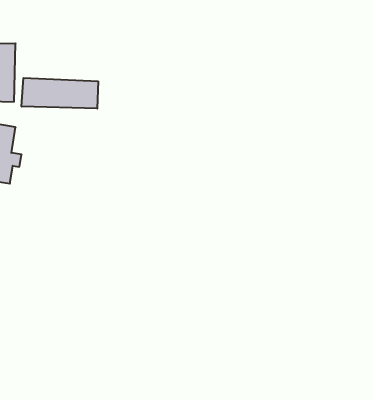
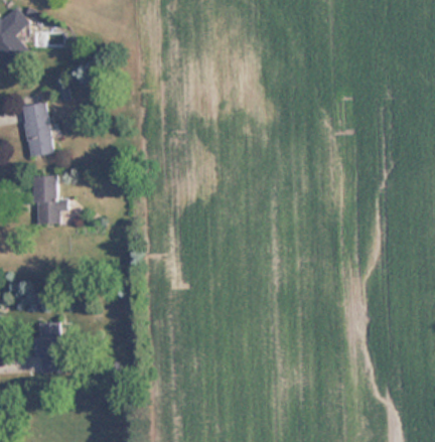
building: [22,78,98,109] -> none

